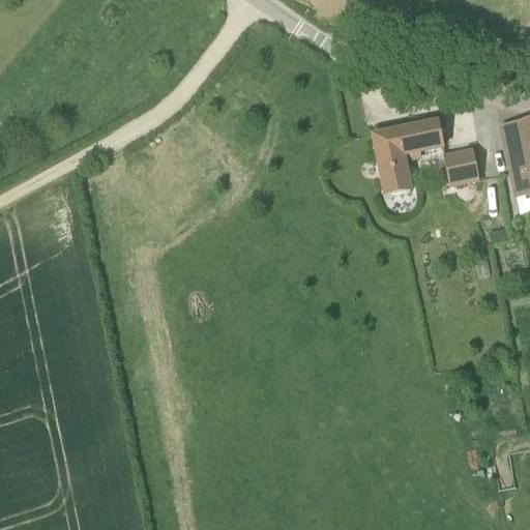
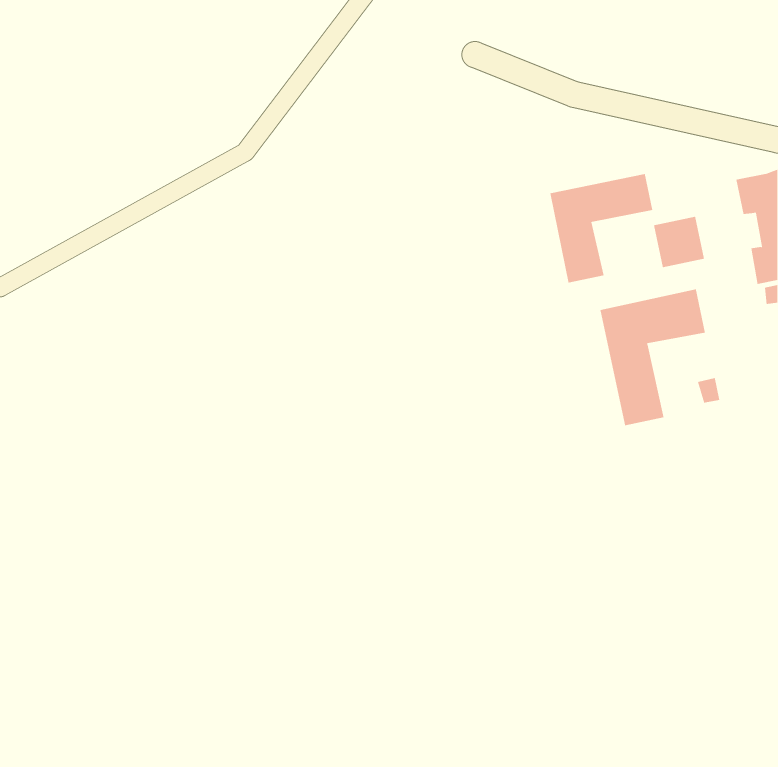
building: none -> [600,289,706,426]

